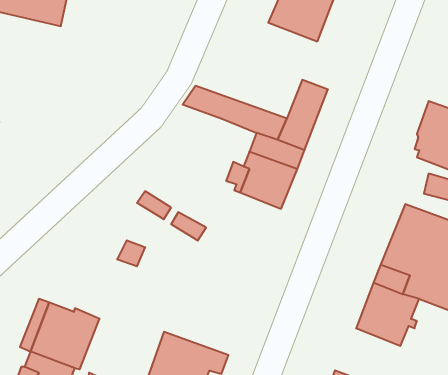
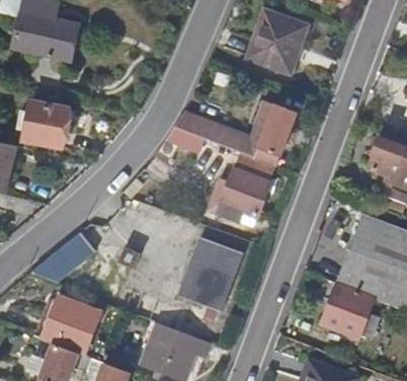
building: none -> [18,102,73,146]
building: none -> [30,232,93,283]
building: none -> [180,235,246,311]

